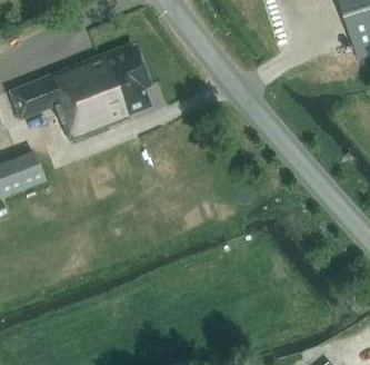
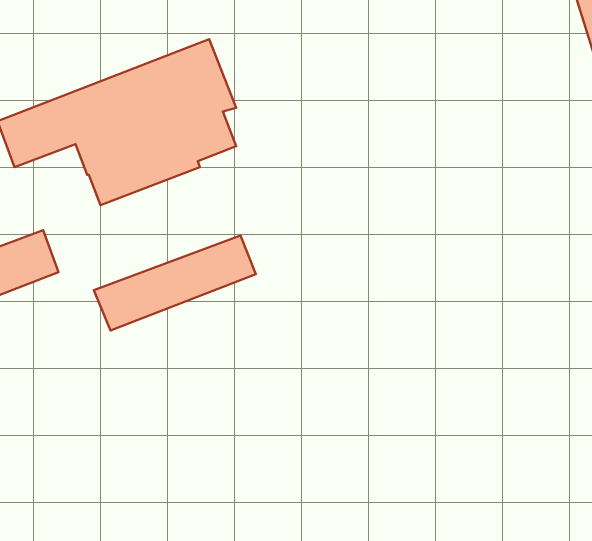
building: none -> [94,235,256,330]

